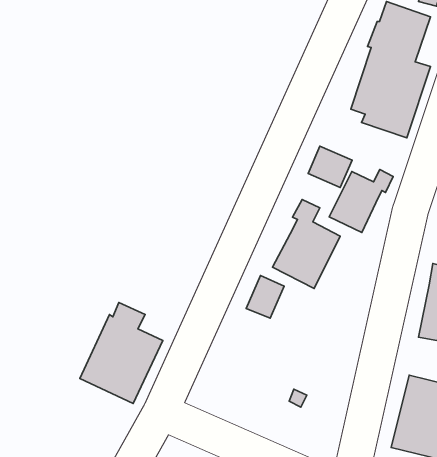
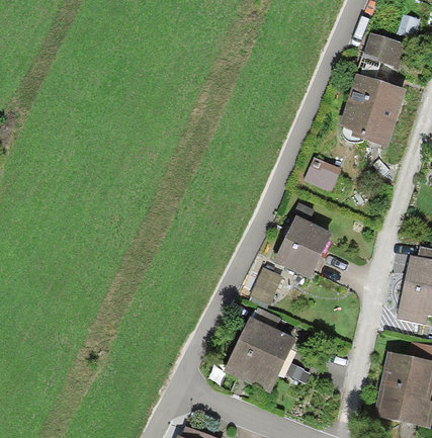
building: [329,169,393,233] -> none
building: [80,303,163,403] -> [225,308,295,393]

